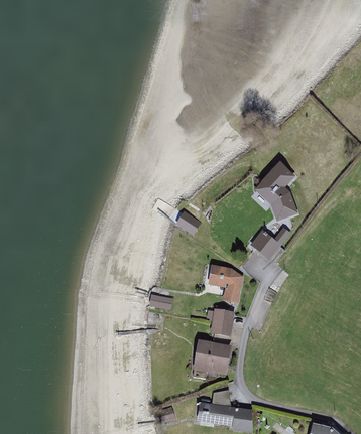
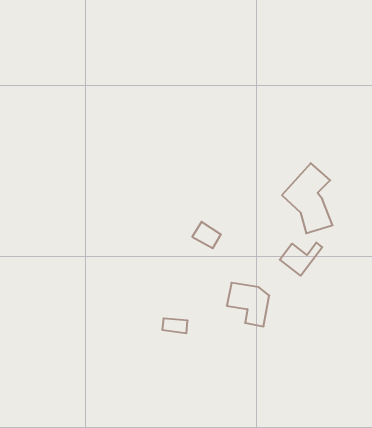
building: [210,309,233,336] -> none
building: [193,340,229,374] -> none

